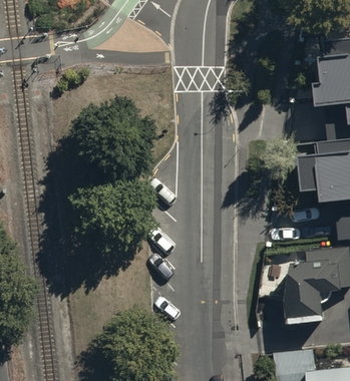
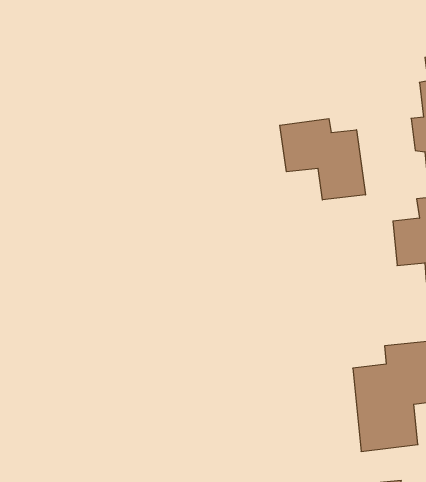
building: none -> [280,119,365,200]

